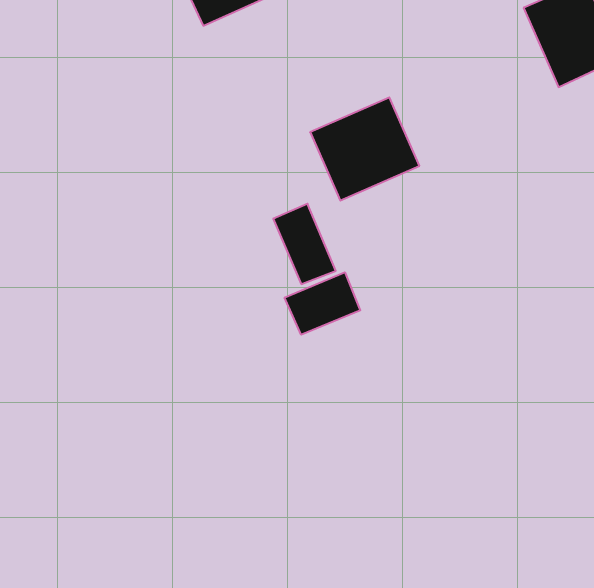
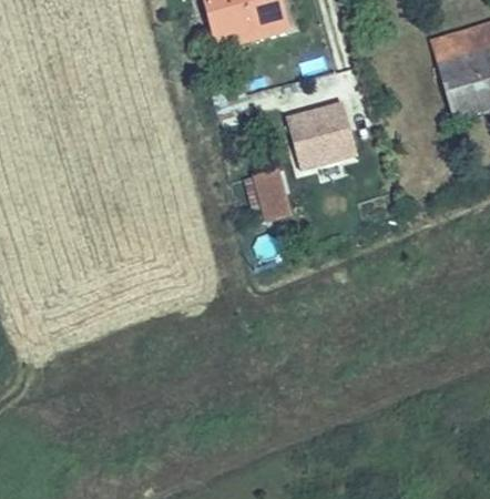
building: [285,272,360,335] -> none

